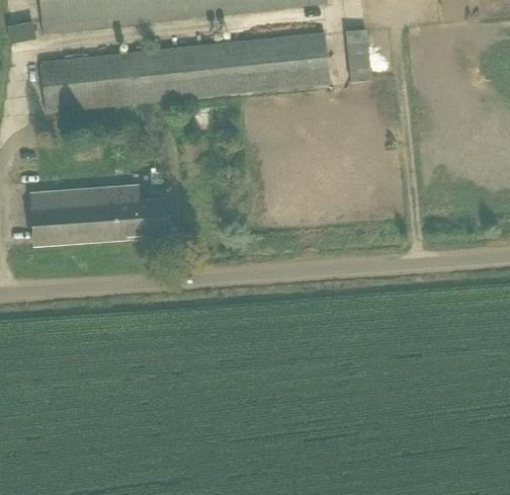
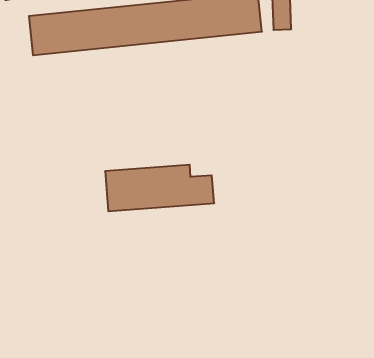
building: [31,184,167,242] -> [105,165,214,211]

